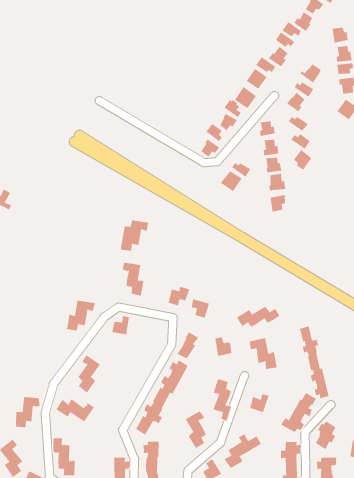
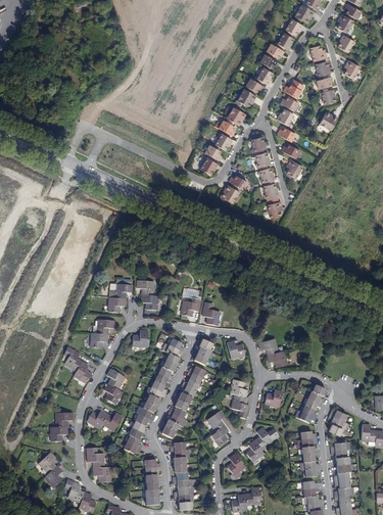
building: [120,220,149,251] -> [107,283,132,312]
building: [236,306,280,327] -> none
building: [299,326,329,399] -> none
building: none -> [63,346,91,382]
building: none -> [124,337,184,453]

